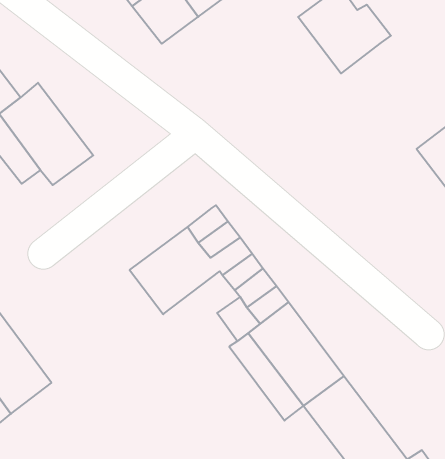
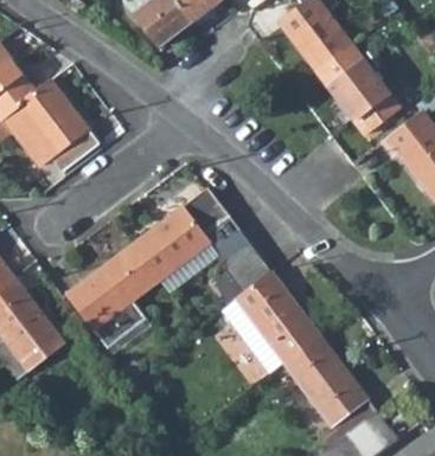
building: none -> [318,44,399,134]
building: none -> [68,244,161,346]

